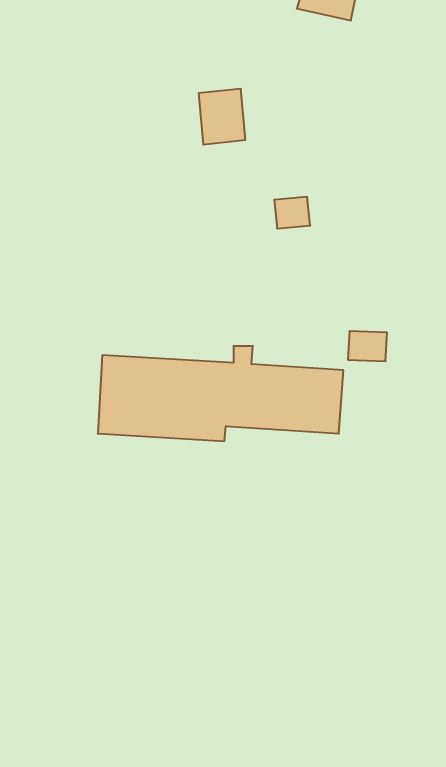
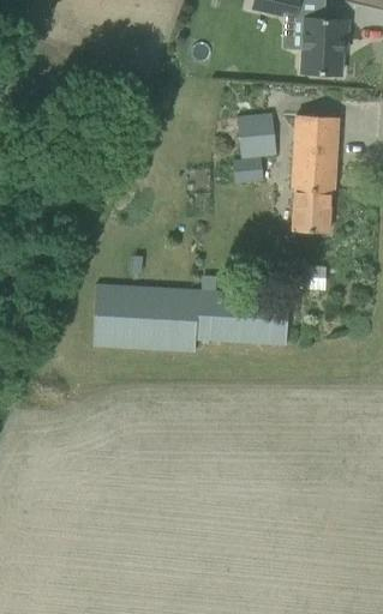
building: none -> [300,18,347,74]
building: [199,89,245,144] -> [238,113,275,157]
building: none -> [293,115,339,233]

